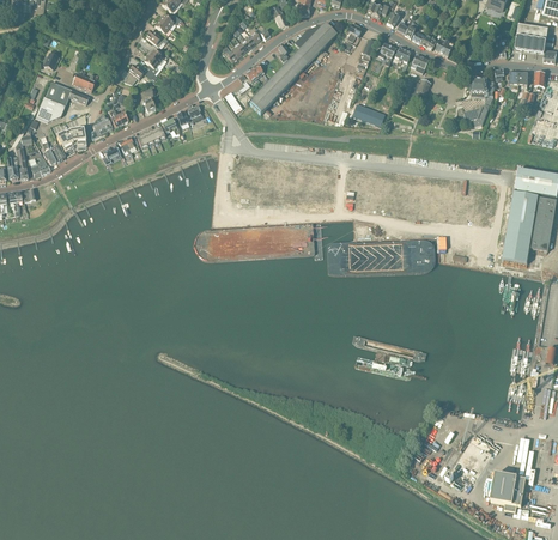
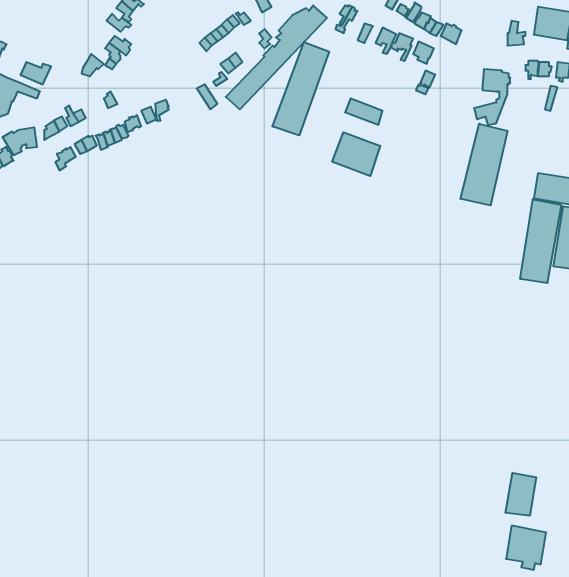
building: none -> [272,42,329,135]
building: none -> [460,124,507,205]
building: none -> [332,132,380,176]
building: none -> [506,473,536,516]

